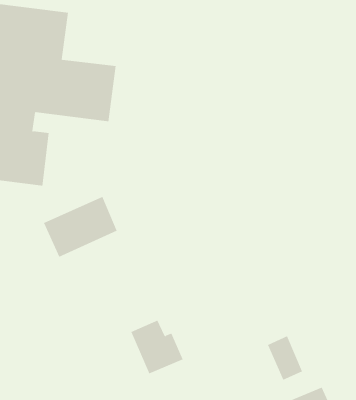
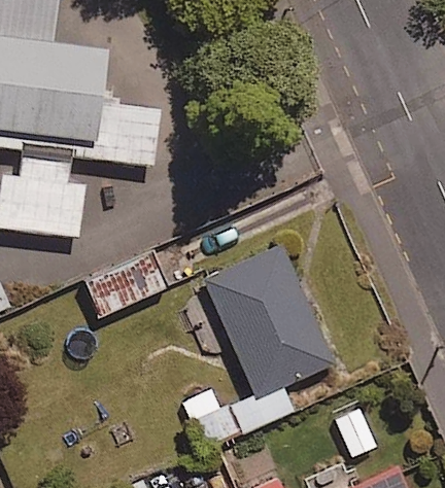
building: none -> [202,243,334,397]

